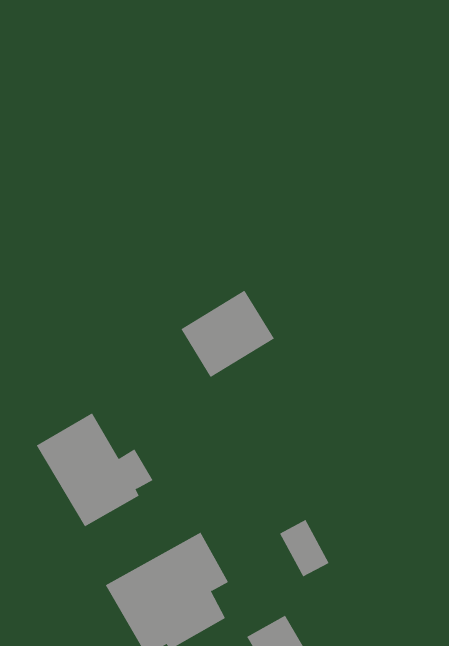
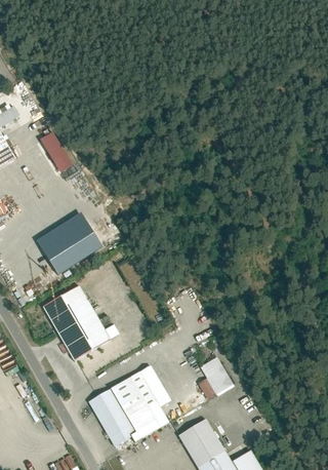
building: none -> [41,131,73,171]
building: [181,290,275,378] -> [39,214,100,272]

